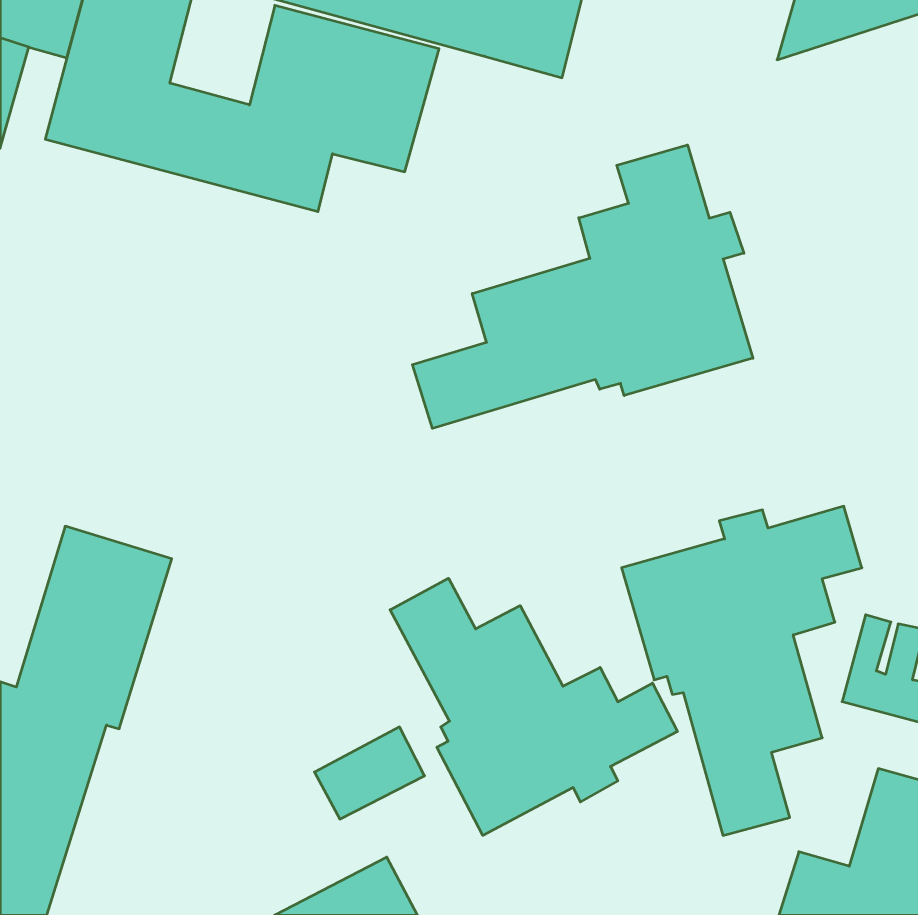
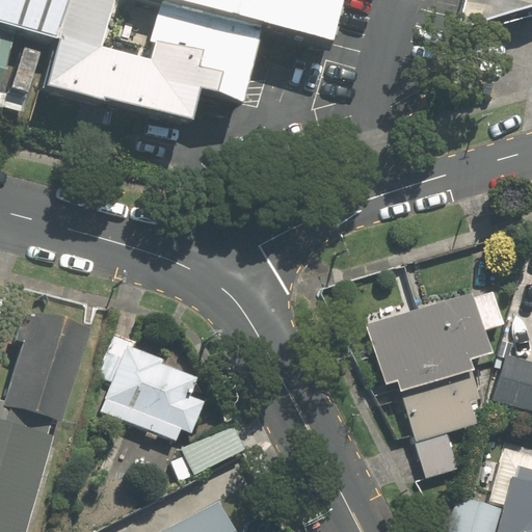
building: [412,145,753,428] -> none
building: [390,578,677,835] -> none
building: none -> [106,341,212,436]

